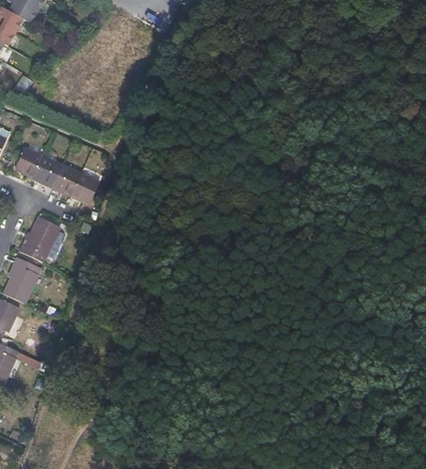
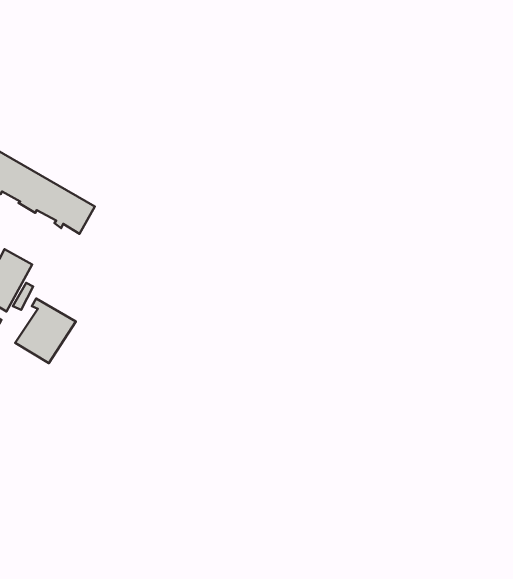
building: none -> [15,298,76,363]

